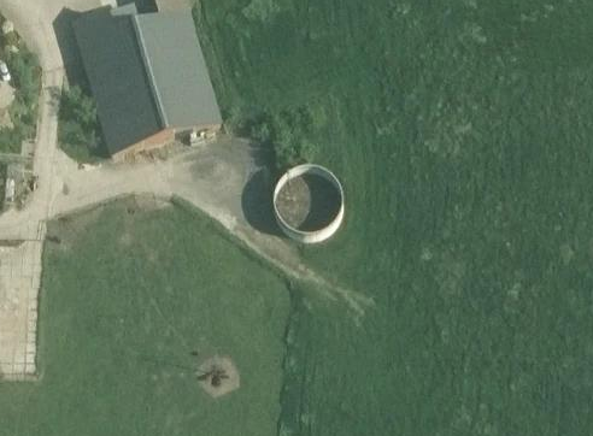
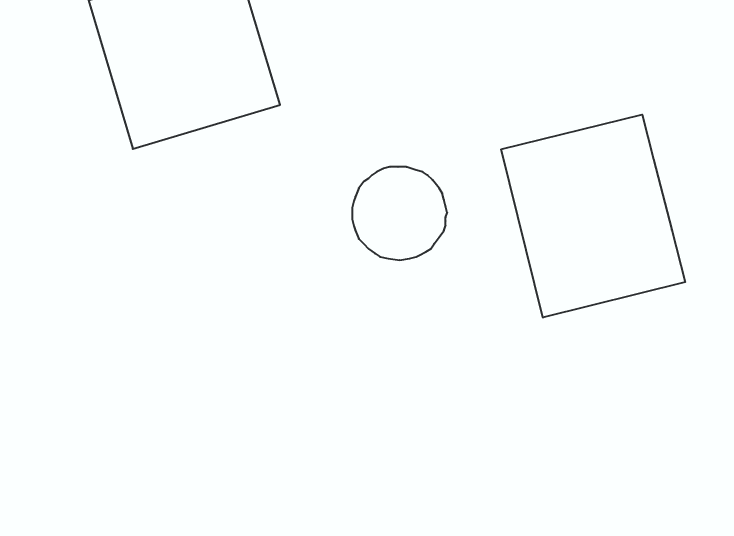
building: none -> [501,115,685,318]

